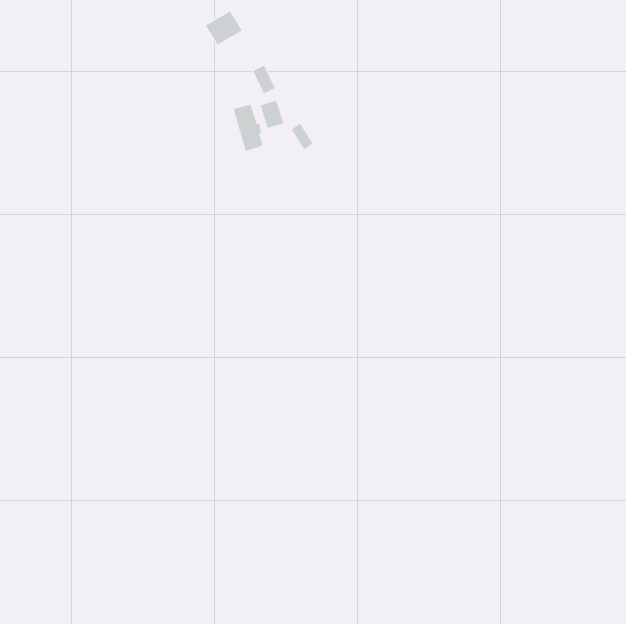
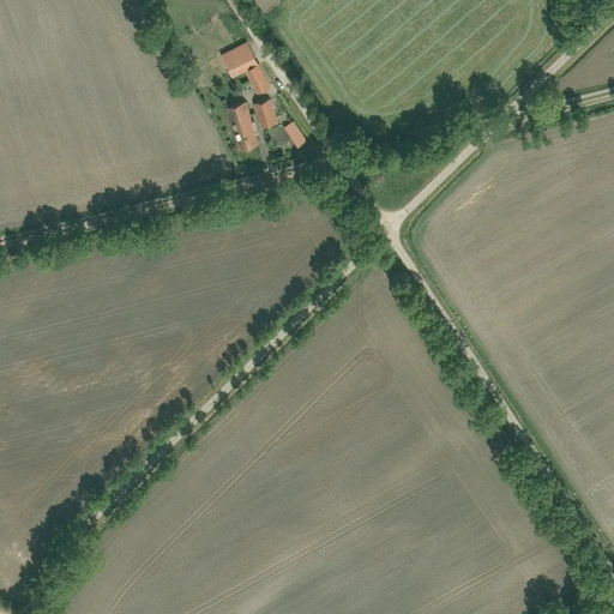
building: [205,11,243,45] -> [221,43,258,77]

